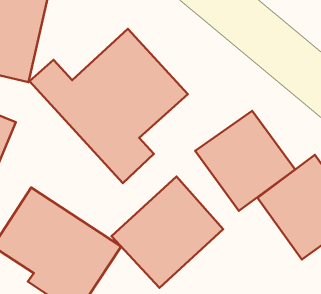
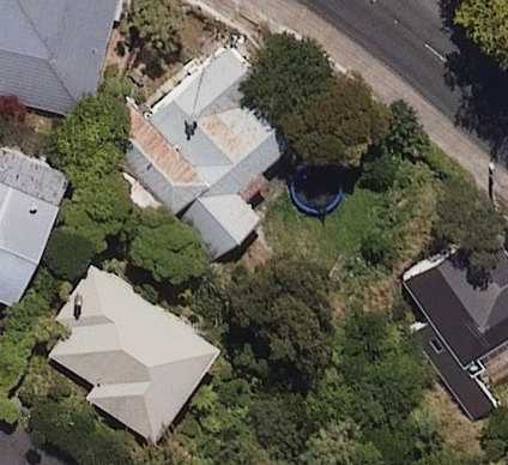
building: [195,111,295,211] -> none
building: [112,177,223,288] -> none

